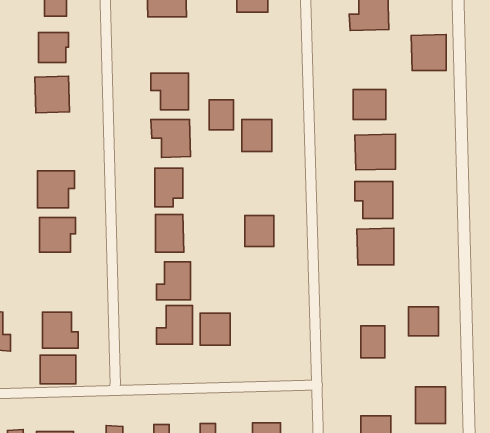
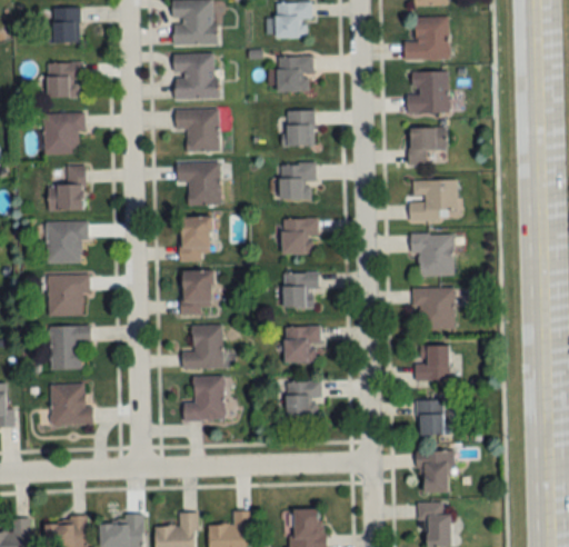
building: none -> [173,53,218,99]
building: none -> [277,57,312,91]
building: [411,35,446,70] -> [408,71,448,112]
building: [209,100,233,130] -> [286,111,313,146]
building: none -> [48,166,84,211]
building: none -> [277,219,317,253]
building: none -> [50,326,91,369]
building: none -> [284,327,319,361]
building: [408,307,438,336] -> [415,346,449,379]
building: [200,313,230,345] -> [286,380,320,417]
building: [40,355,76,384] -> none
building: [415,387,445,424] -> [417,451,451,494]

